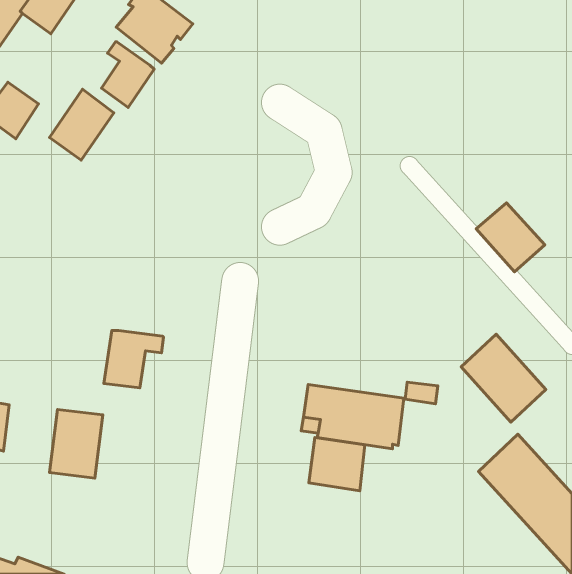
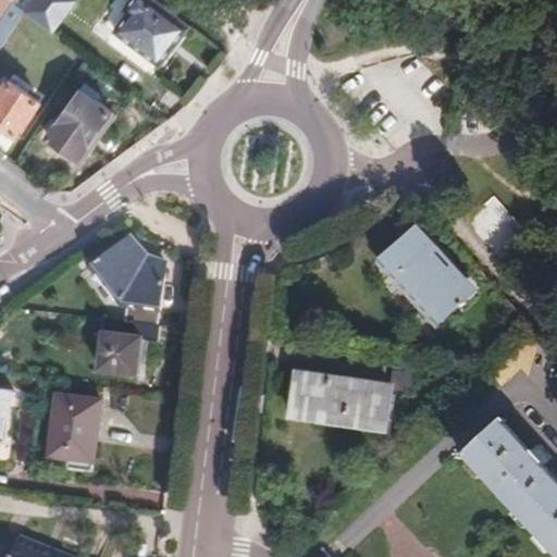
building: [101,42,154,107] -> none
building: none -> [86,236,165,324]
building: [461,334,546,422] -> [387,235,469,320]
building: [309,438,365,491] -> none

